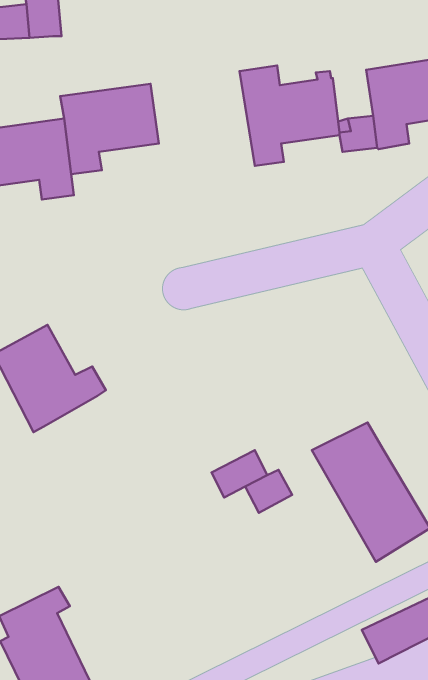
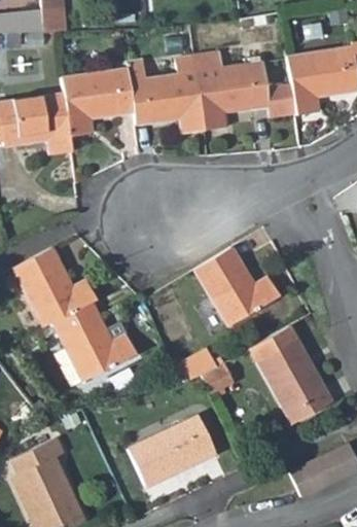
building: none -> [129,59,206,133]
building: none -> [194,242,281,322]
building: none -> [51,300,134,388]
building: none -> [129,413,216,484]

